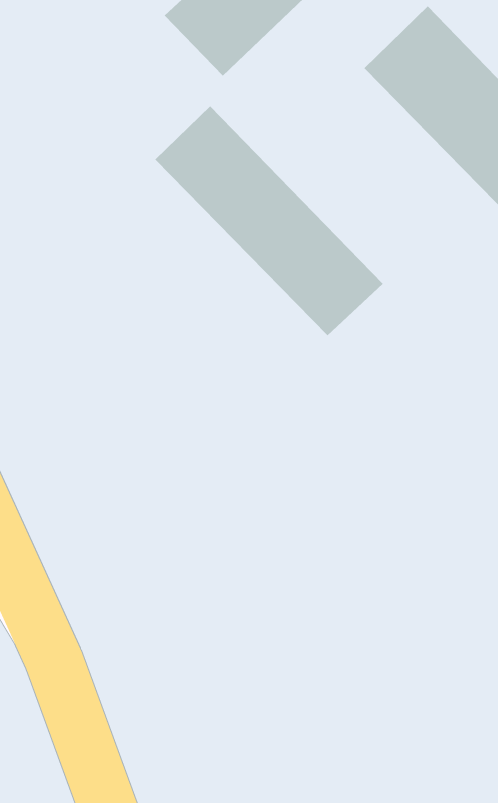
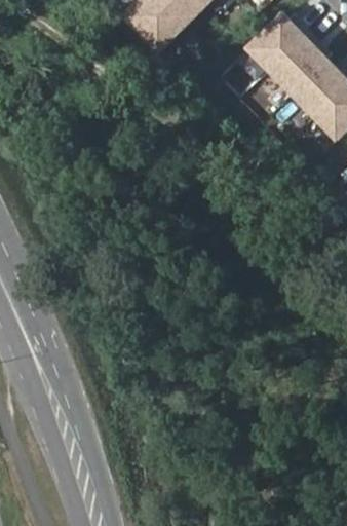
building: [155,106,383,336] -> none

